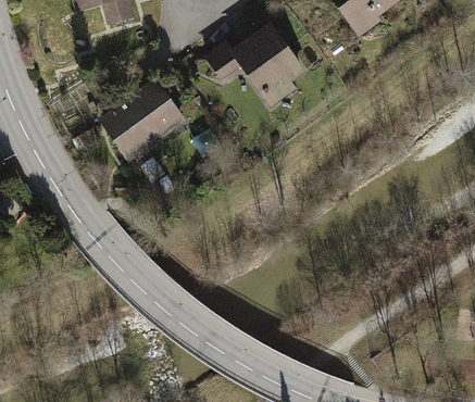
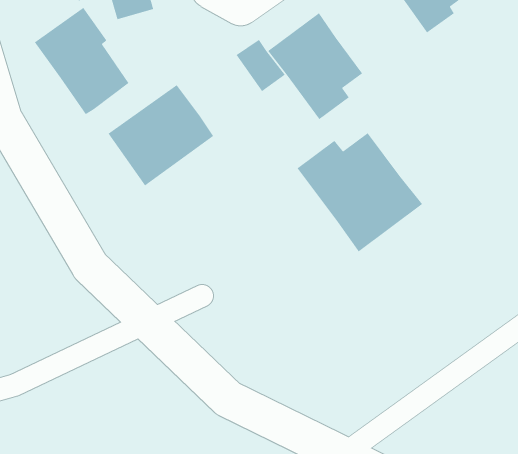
building: none -> [34,7,130,115]
building: none -> [296,132,423,252]

